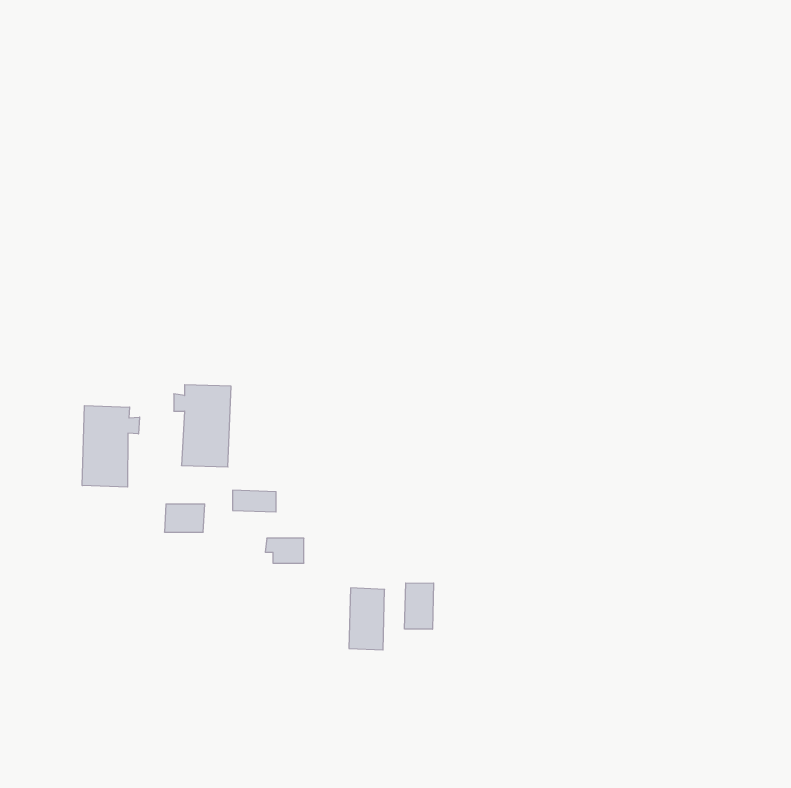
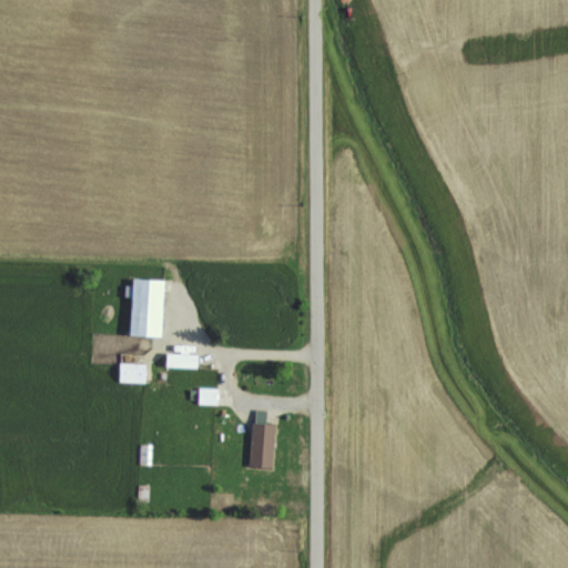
building: [82,406,140,487] -> none
building: [405,583,434,629] -> none

